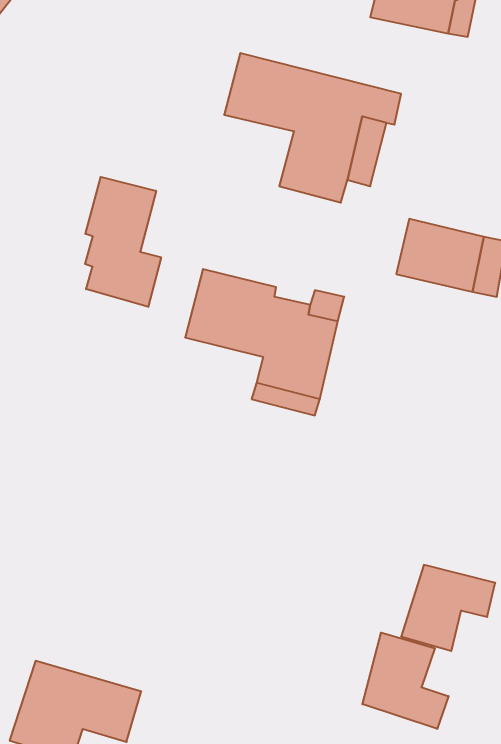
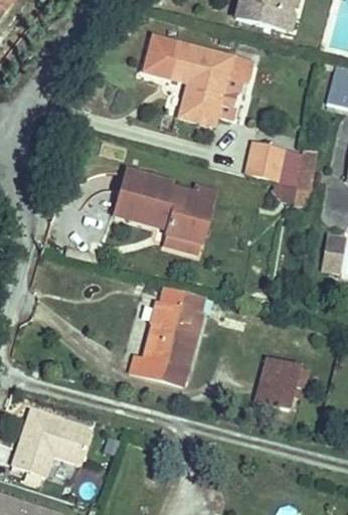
building: [85,177,161,307] -> none
building: none -> [137,287,208,378]
building: [362,633,449,729] -> none

